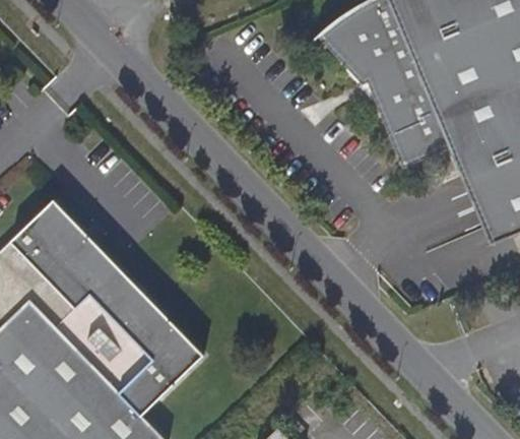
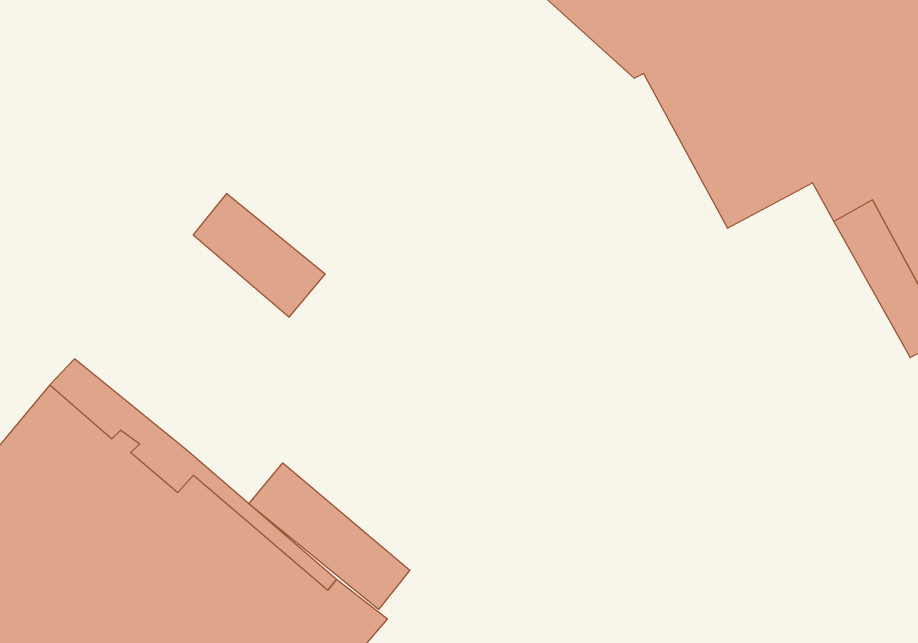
building: none -> [193,194,325,317]
building: none -> [249,463,410,609]

